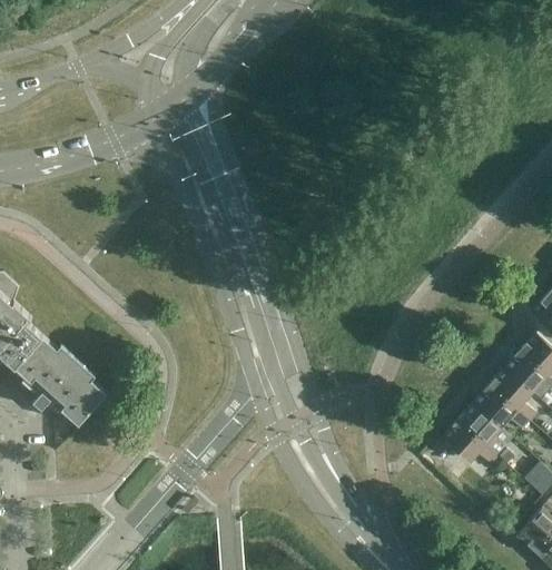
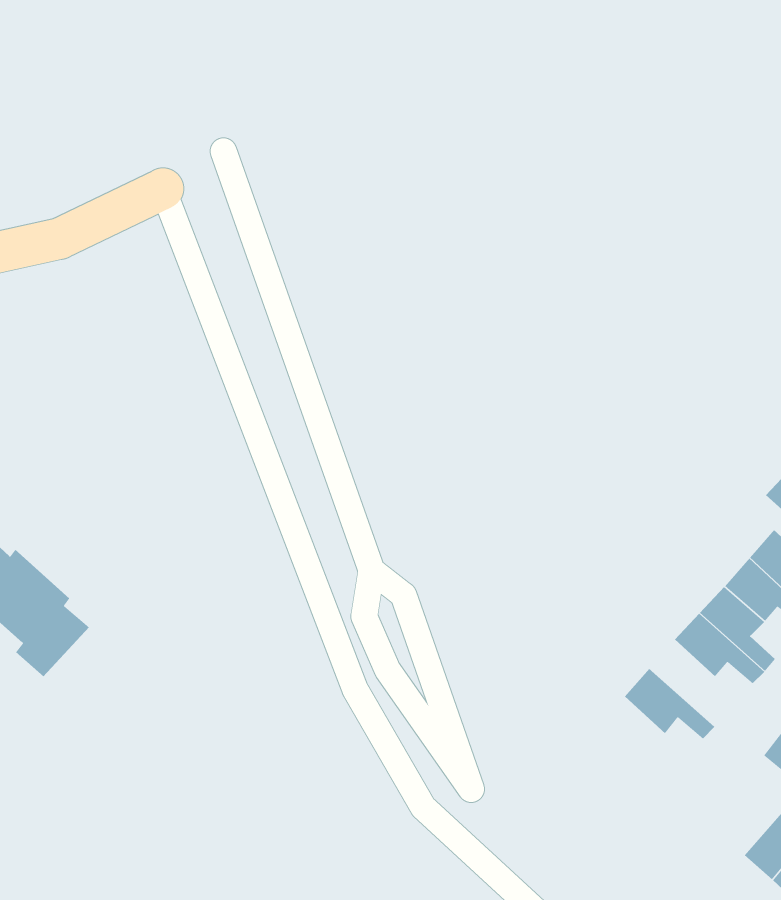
building: [457,405,505,460] -> none

